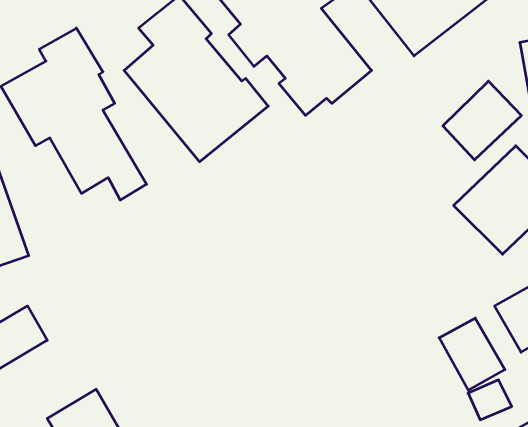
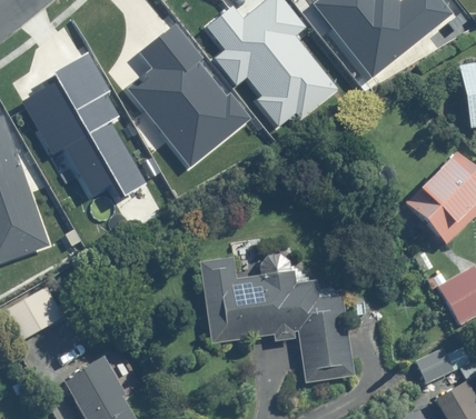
building: [443,81,521,160] -> none
building: none -> [201,259,354,382]
building: [439,318,505,390] -> none

